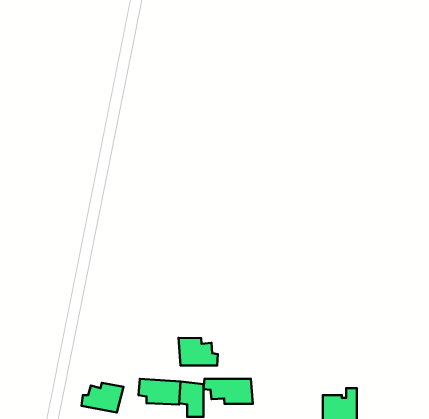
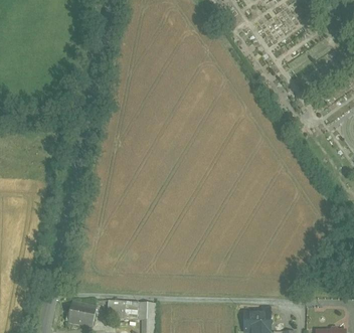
building: [179,338,218,365] -> none
building: [204,379,253,404] -> none

